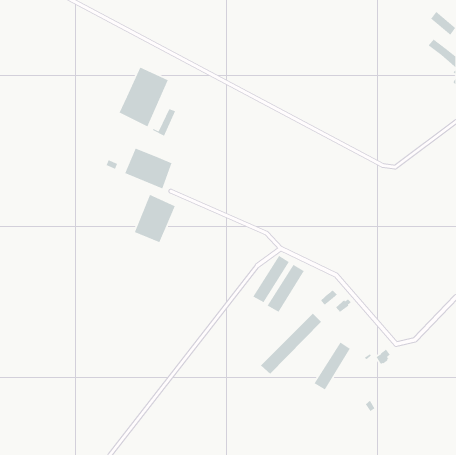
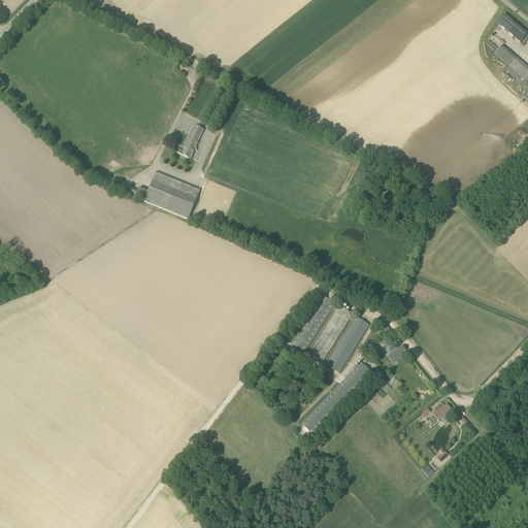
building: [119,67,169,128] -> none
building: [134,194,176,243] -> none
building: [313,341,351,391] -> [325,315,368,371]

